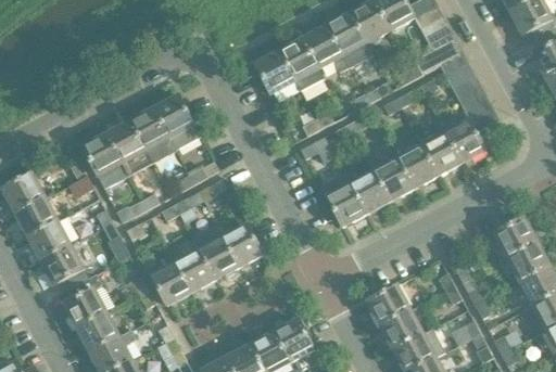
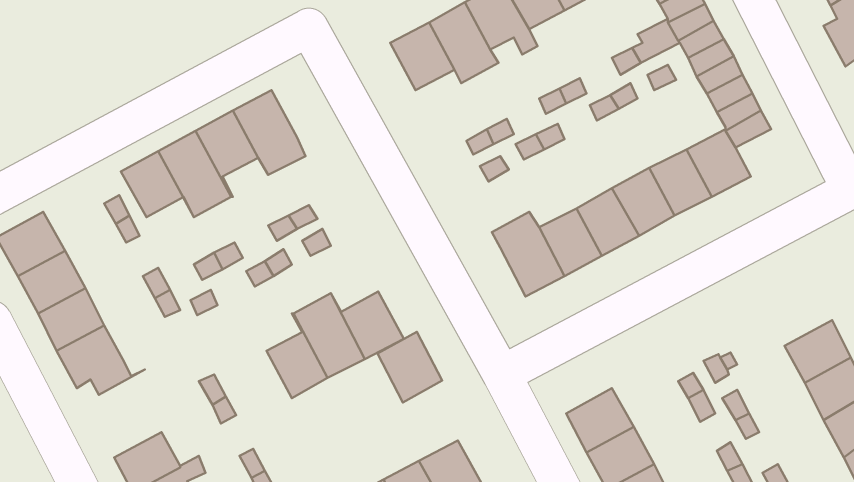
building: [493,217,538,258] -> none
building: none -> [377,332,442,403]
building: [150,261,191,305] -> none
building: [63,273,108,330] -> none

